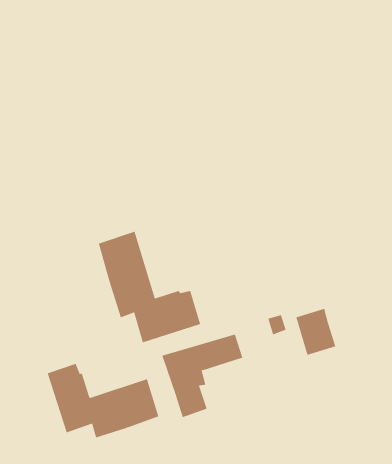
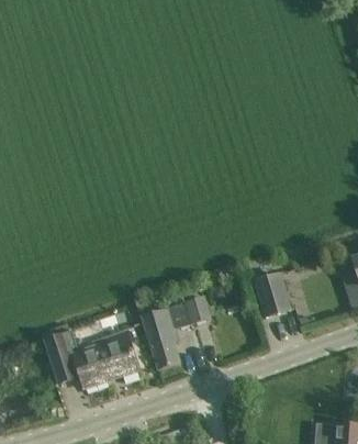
building: [98,231,201,343] -> none

